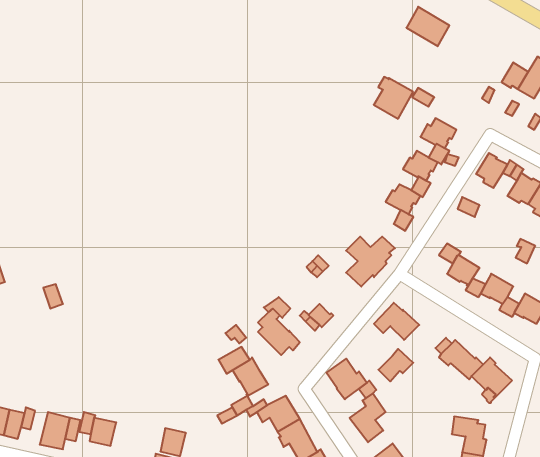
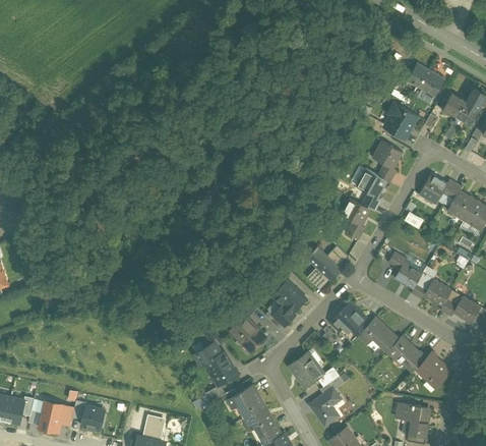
building: [406,7,449,46] -> [406,62,443,97]
building: [374,77,413,119] -> [382,103,417,140]
building: none -> [272,281,305,314]
building: [378,349,413,381] -> [357,317,387,345]

